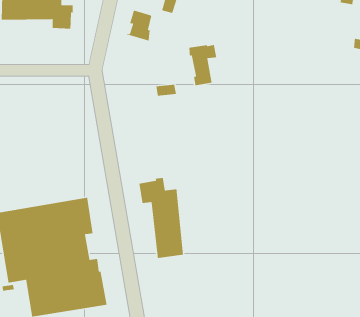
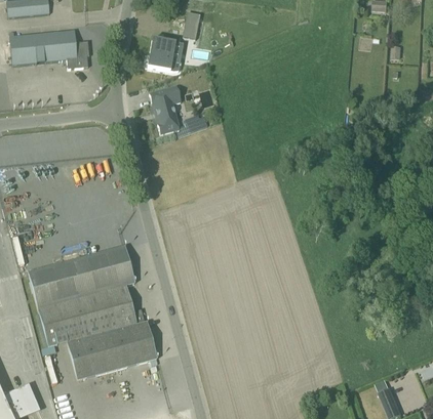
building: [188,44,217,86] -> [149,86,181,133]
building: [138,177,184,259] -> none

